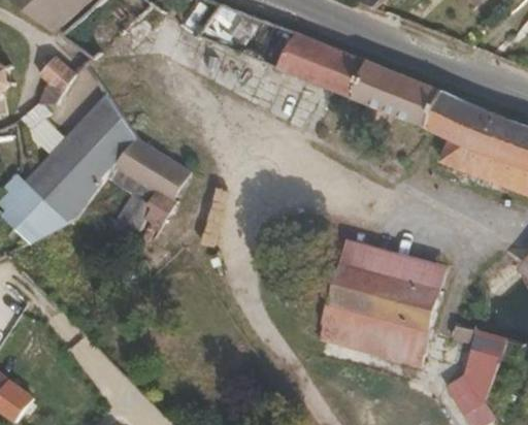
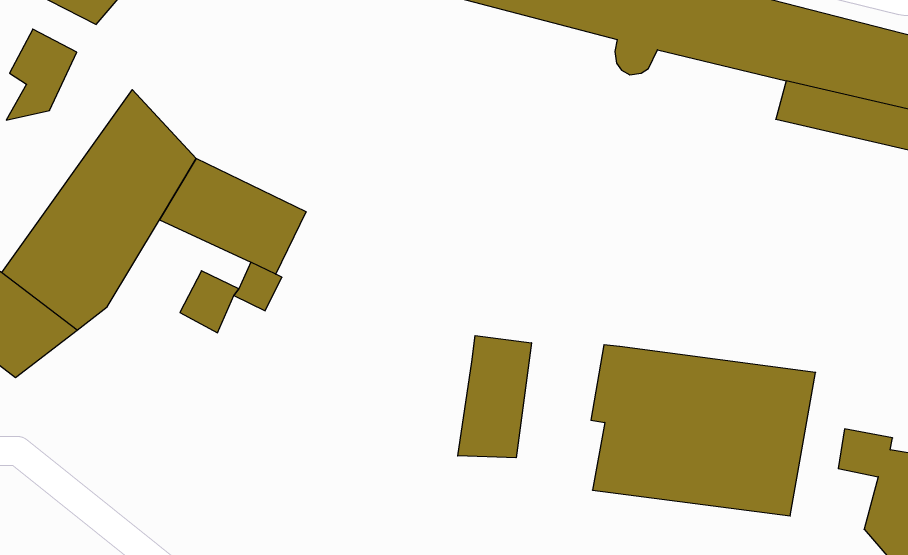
building: [344,243,453,295] -> none
building: none -> [458,336,531,458]

